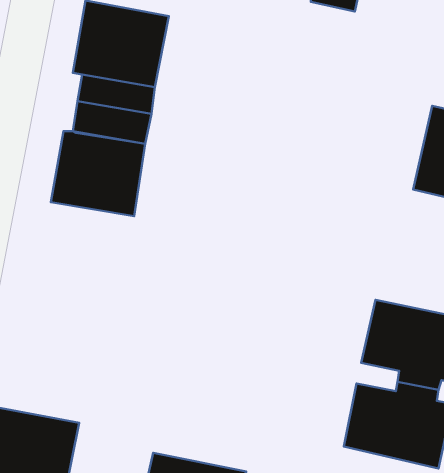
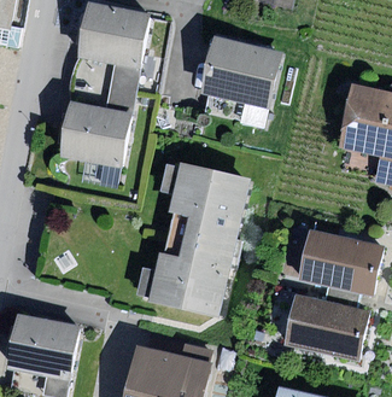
building: none -> [200,35,282,109]
building: none -> [147,163,248,316]

